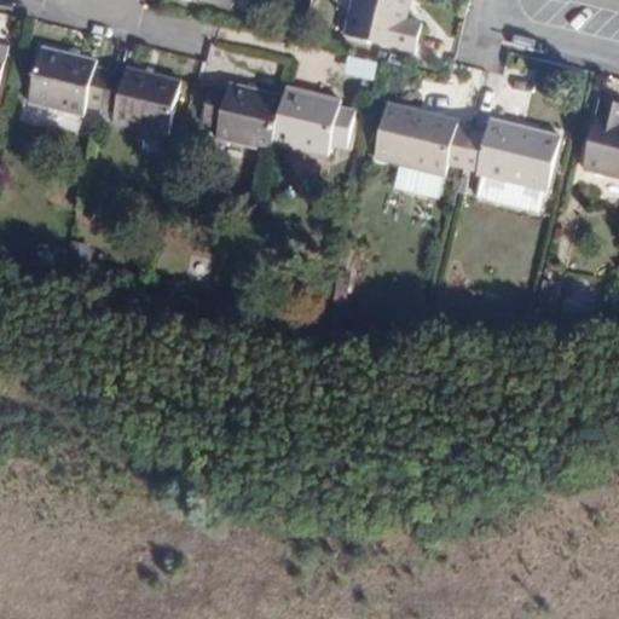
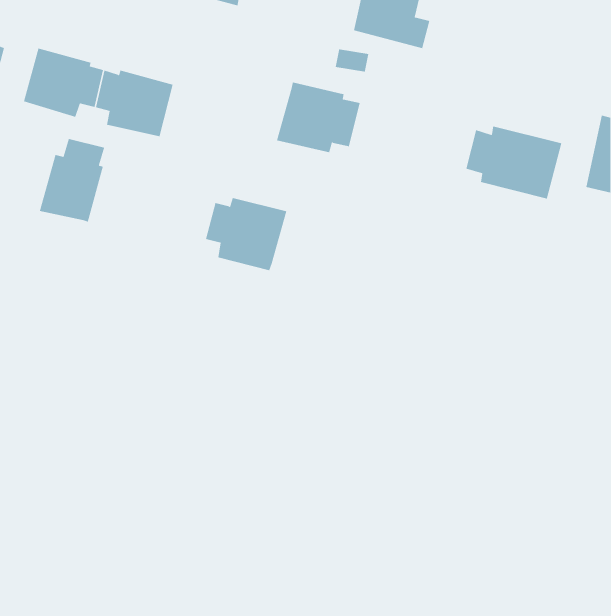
building: [207,74,288,146] -> [205,198,287,271]
building: [372,109,470,184] -> none
building: none -> [39,138,105,223]

